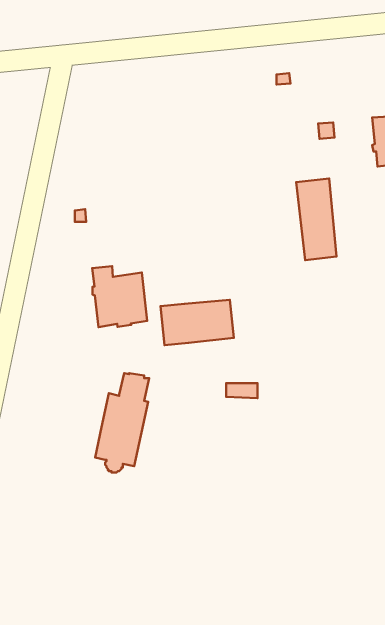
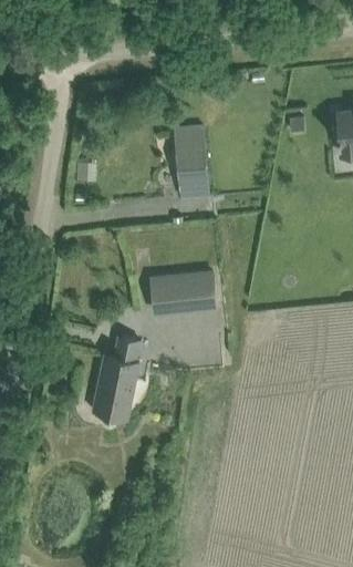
building: [296,178,337,260] -> [174,126,209,198]
building: [92,266,147,327] -> none

